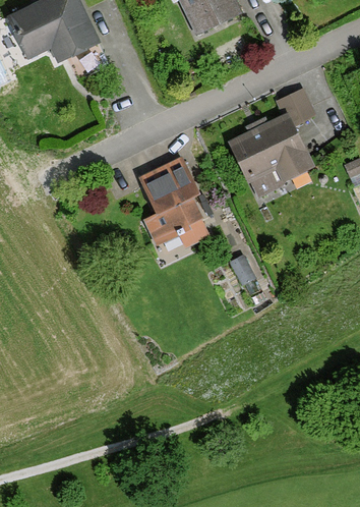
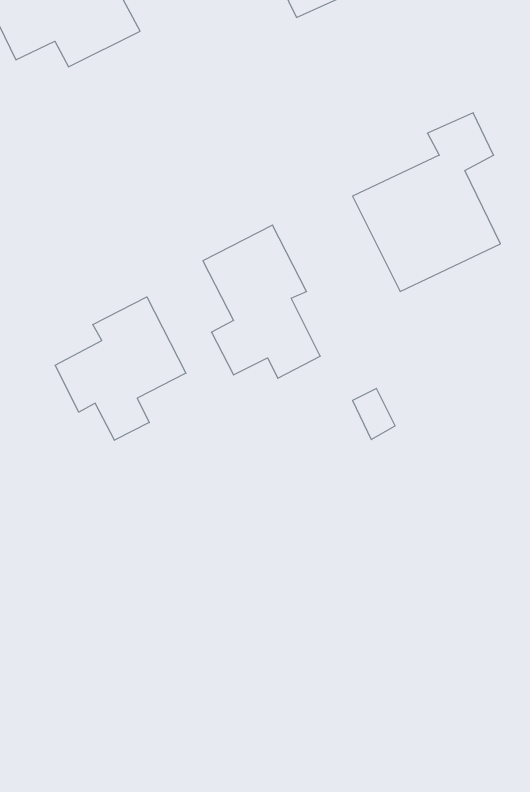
building: none -> [55,297,186,440]

